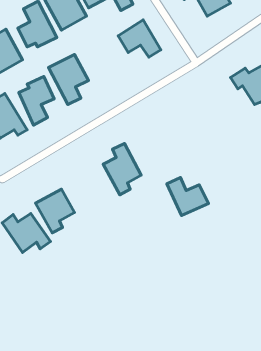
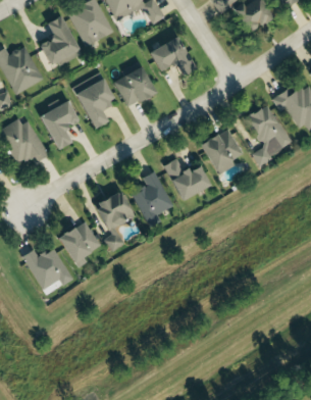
building: none -> [115,62,156,107]
building: none -> [245,104,294,166]
building: none -> [202,129,243,176]
building: none -> [96,191,136,252]
building: [167,177,208,216] -> [165,158,211,200]

